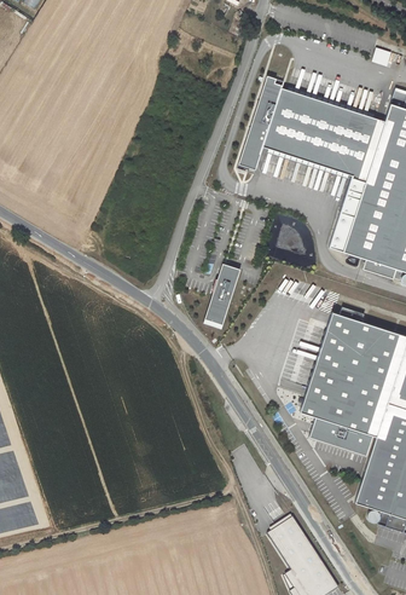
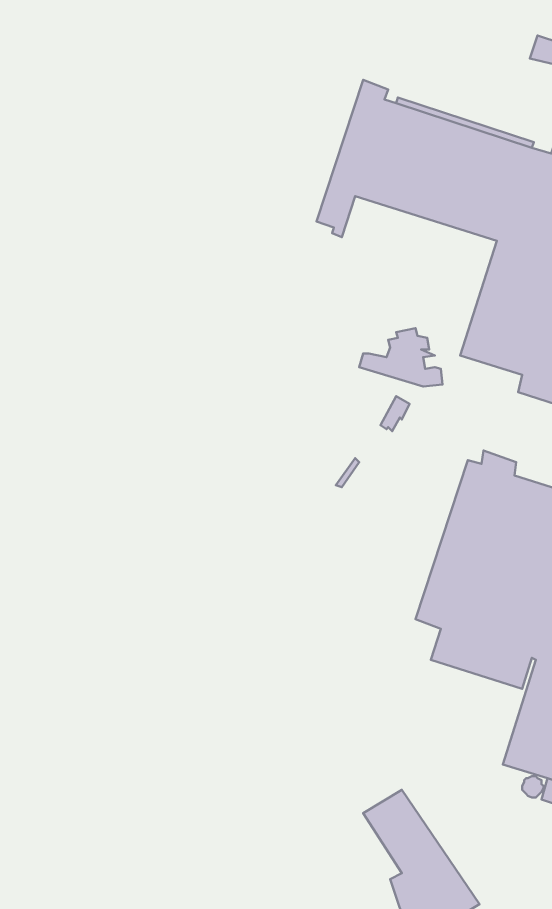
building: [204,266,242,328] -> none

